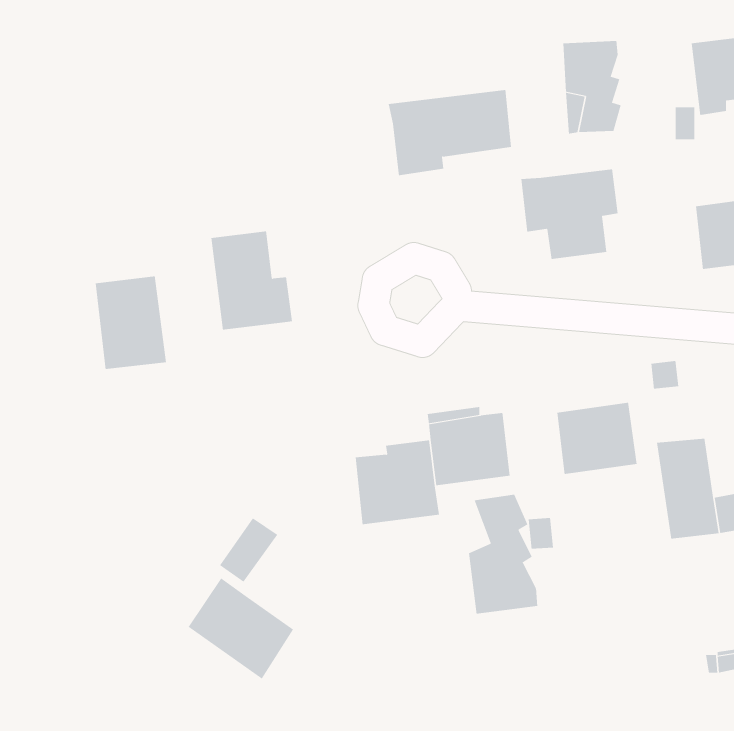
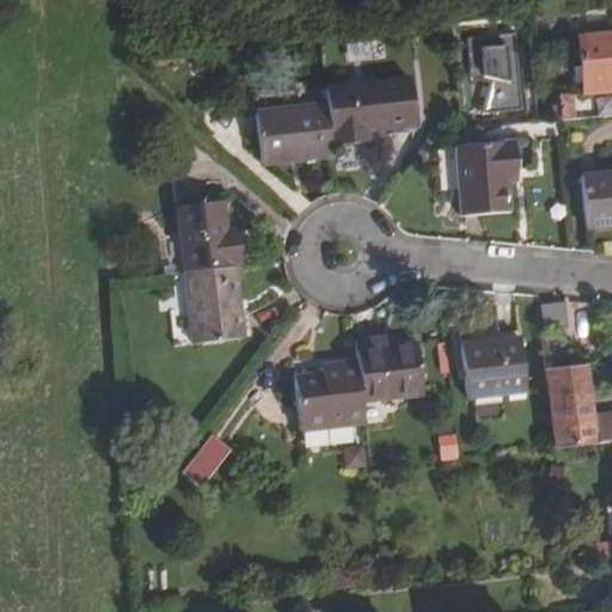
building: none -> [255,103,333,164]
building: [95,276,167,370] -> [186,268,246,345]
building: [468,494,538,615] -> none
building: [188,577,294,679] -> none

